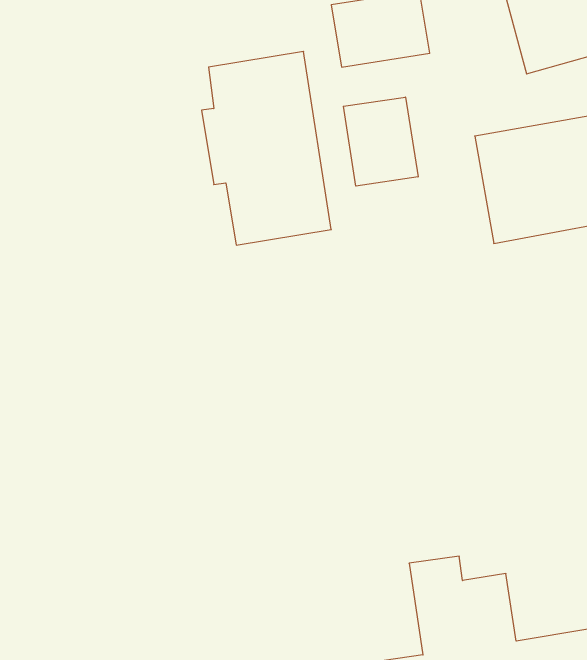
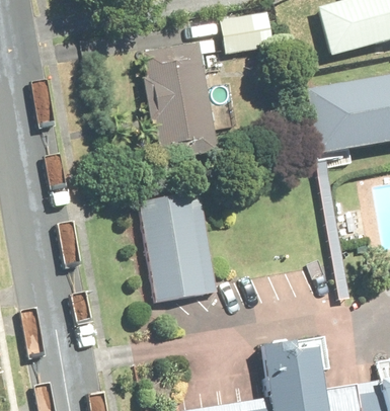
building: [343,97,418,186] -> none
building: none -> [137,187,219,304]

